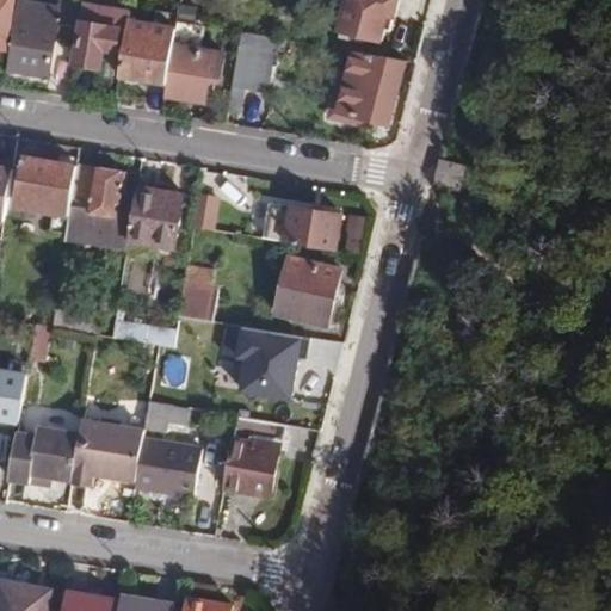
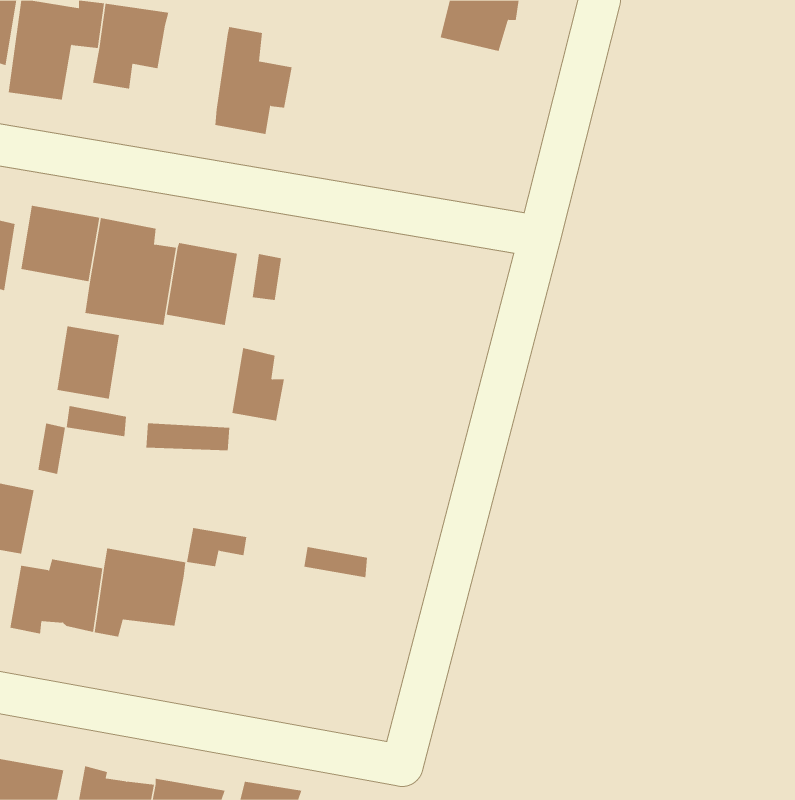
building: [118,19,173,84] -> none
building: [230,31,272,92] -> none
building: [334,50,405,125] -> none
building: [259,202,341,249] -> none
building: none -> [57,325,120,400]
building: [272,255,339,326] -> none
building: [215,322,302,402] -> none
building: [222,438,278,496] -> none
building: [132,439,200,495] -> none

